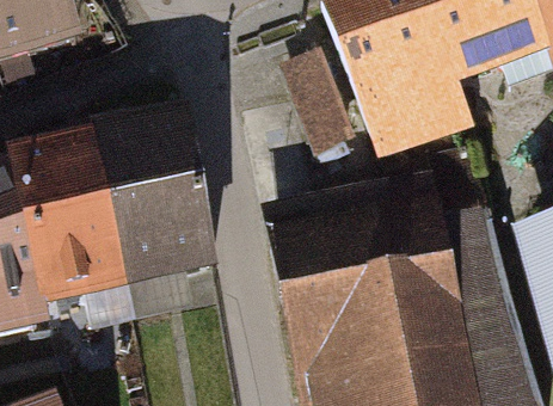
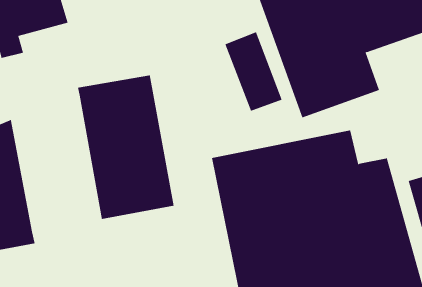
building: [19,130,131,300] -> none

